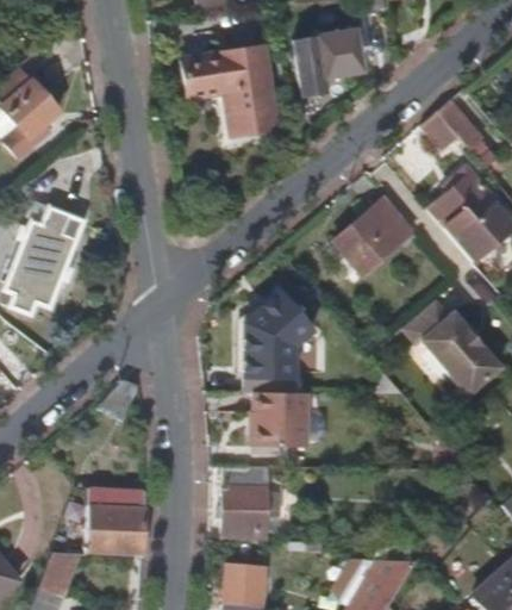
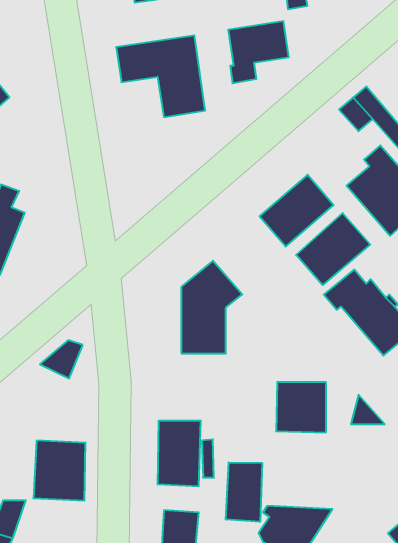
building: none -> [296,213,370,285]
building: [261,392,316,447] -> [276,382,326,432]
building: none -> [226,462,262,522]

